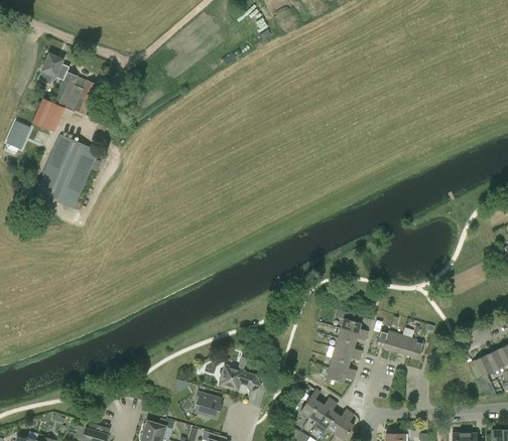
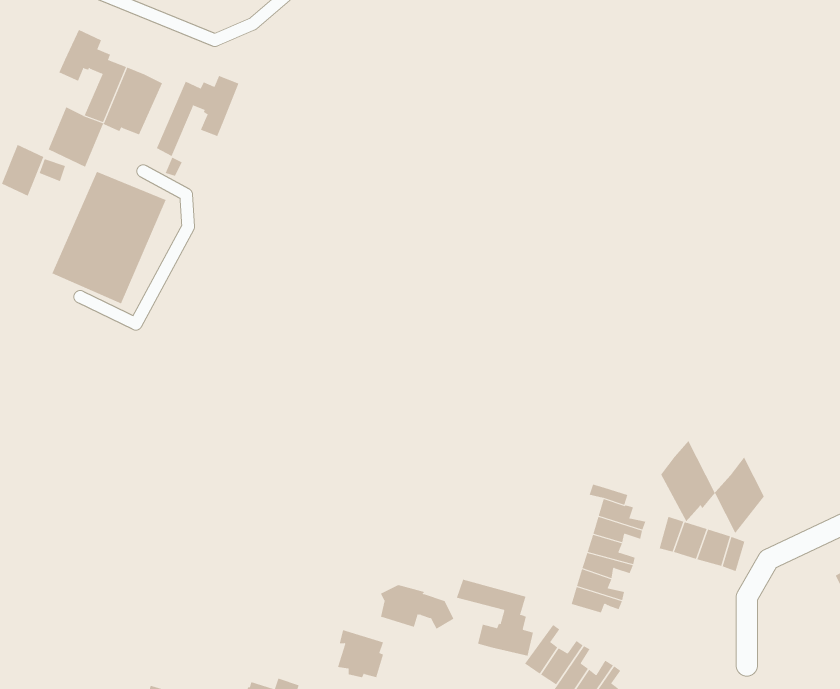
building: none -> [156,75,239,157]
building: none -> [660,440,764,534]
building: none -> [456,579,533,656]

